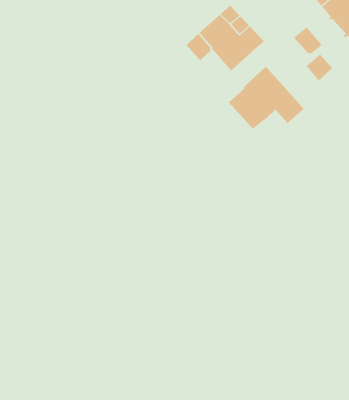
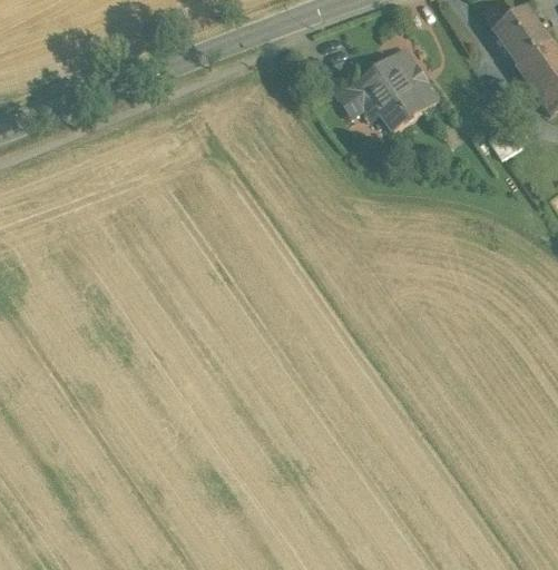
building: [293,27,322,55] -> none
building: [228,66,304,129] -> none

